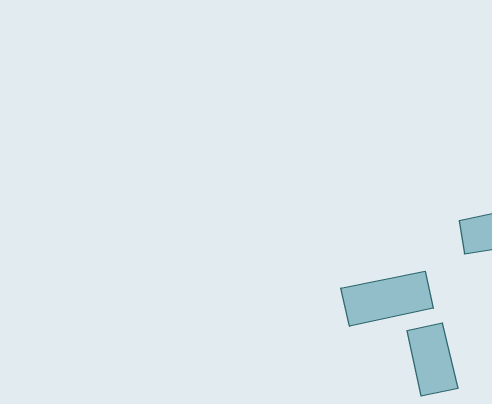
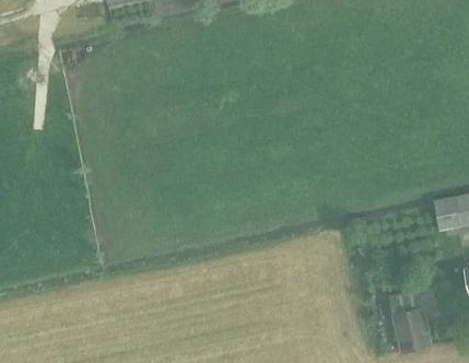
building: [341,271,433,326] -> none

